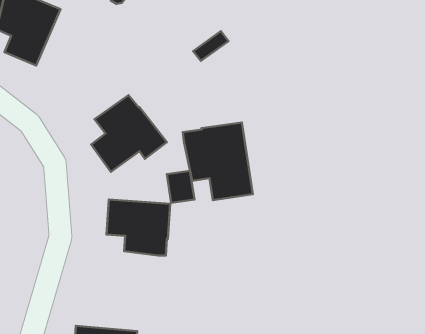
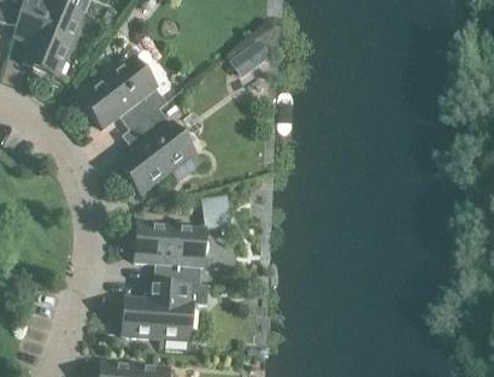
building: none -> [80,55,166,128]
building: [183,122,253,200] -> none
building: none -> [124,278,208,349]

